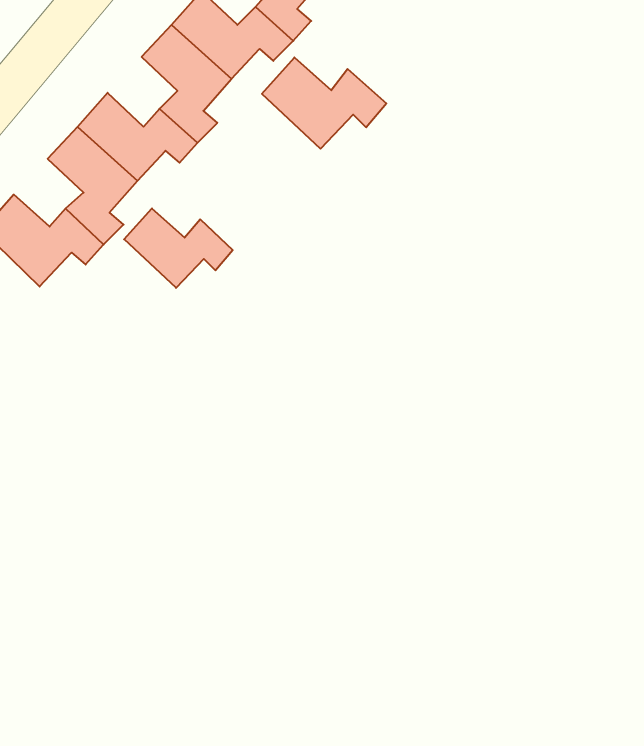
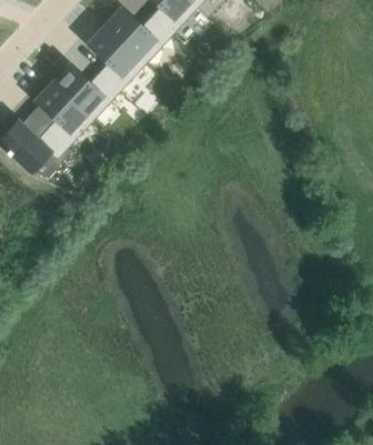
building: [262,57,386,149] -> none
building: [124,208,233,288] -> none

